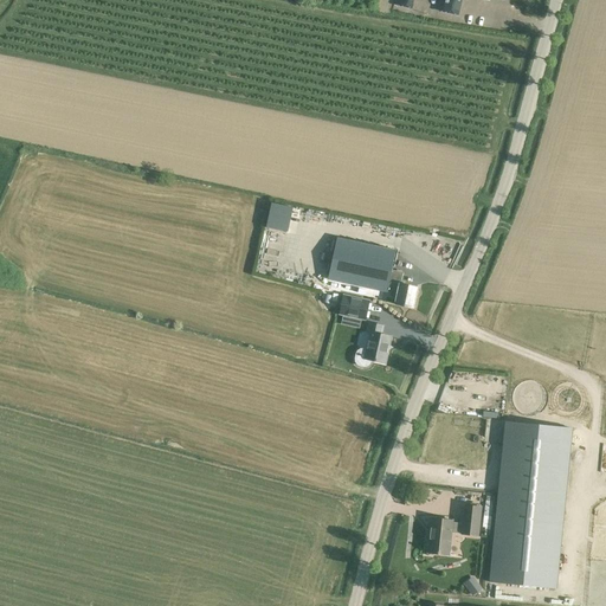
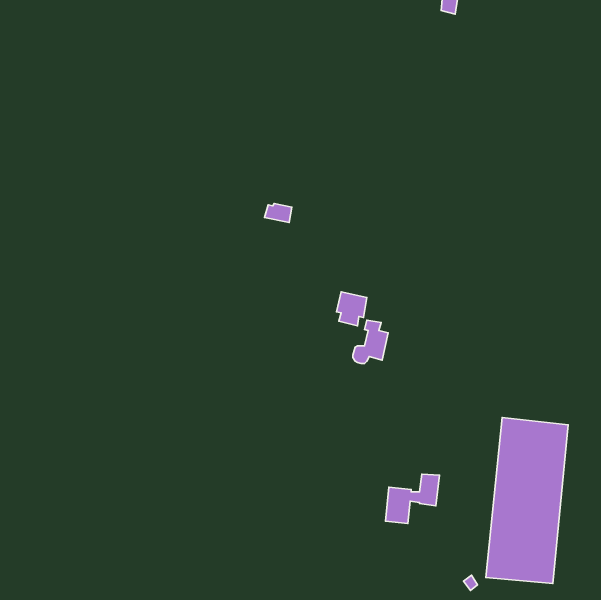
building: [328,236,417,307] -> none
building: [427,504,482,554] -> [385,474,440,524]

